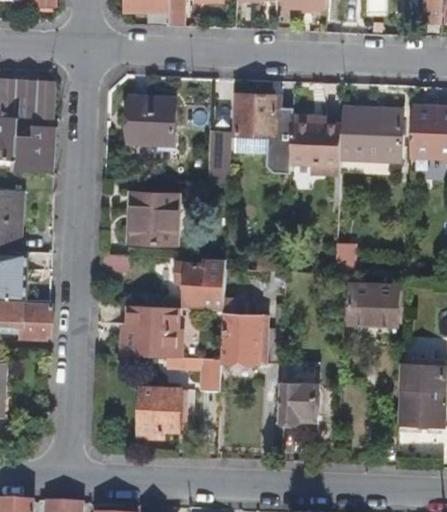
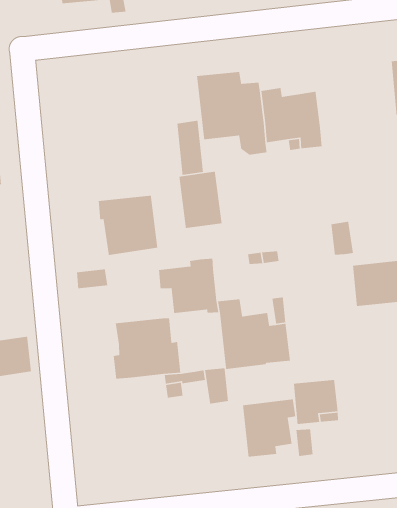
building: [128,98,174,144] -> none
building: [340,109,400,160] -> none
building: none -> [178,171,222,229]
building: [137,388,186,437] -> [242,398,296,458]

